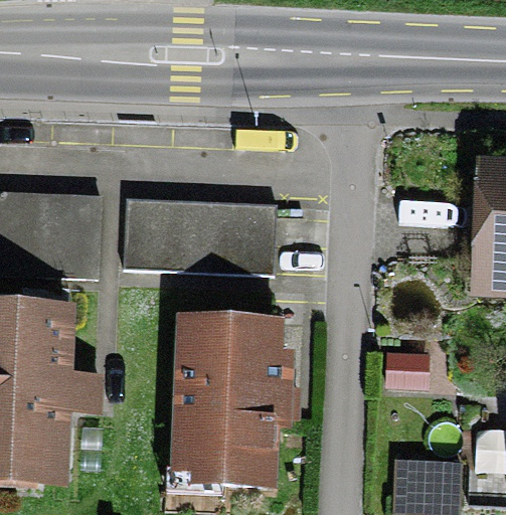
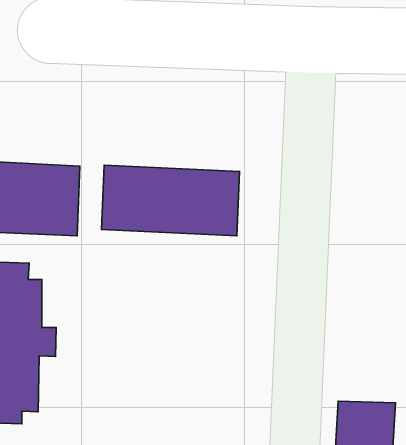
building: [178,323,287,484] -> none

